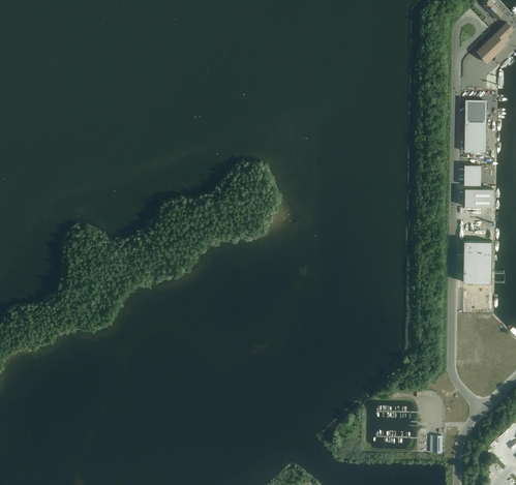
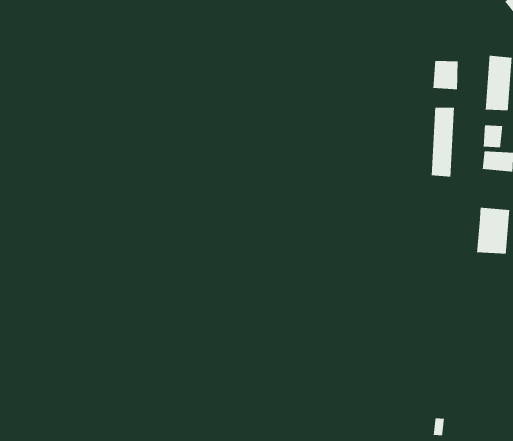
building: none -> [433,60,459,90]
building: none -> [431,107,455,178]

